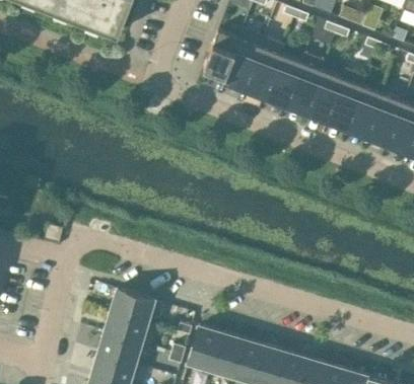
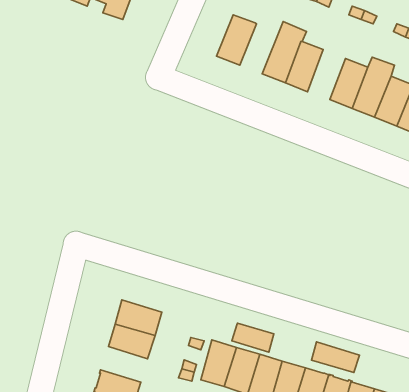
building: [224,28,264,84] -> none
building: [286,53,325,107] -> none
building: none -> [232,323,274,352]
building: none -> [312,342,360,373]
building: [97,332,140,365] -> none

